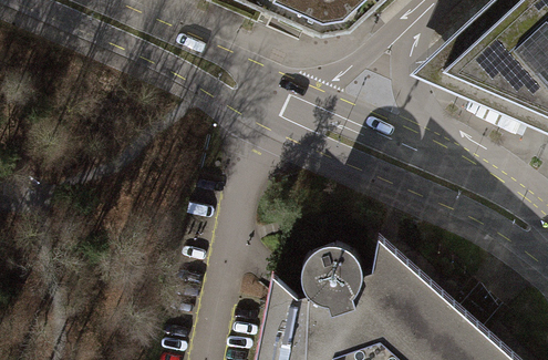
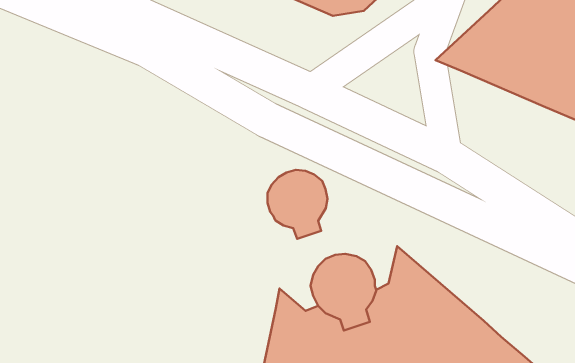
building: none -> [268,170,327,239]

